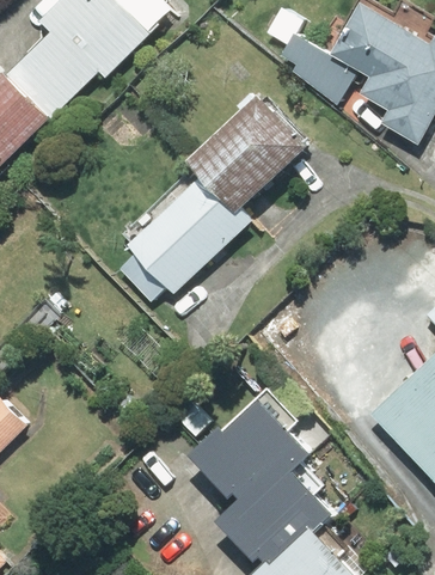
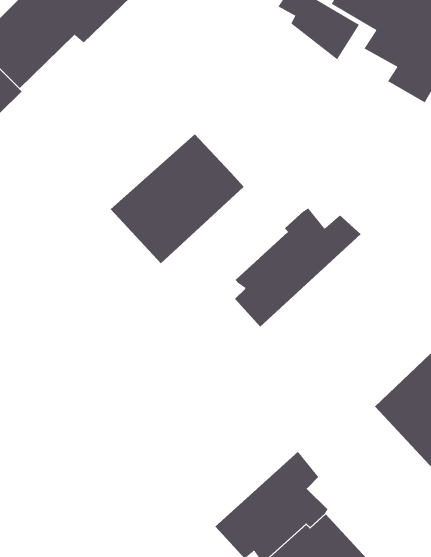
building: [190,91,304,204] -> none
building: none -> [234,208,362,328]
building: [185,385,307,528] -> none

